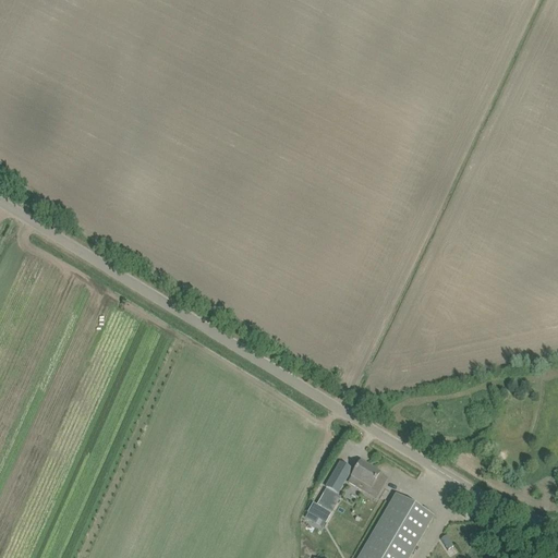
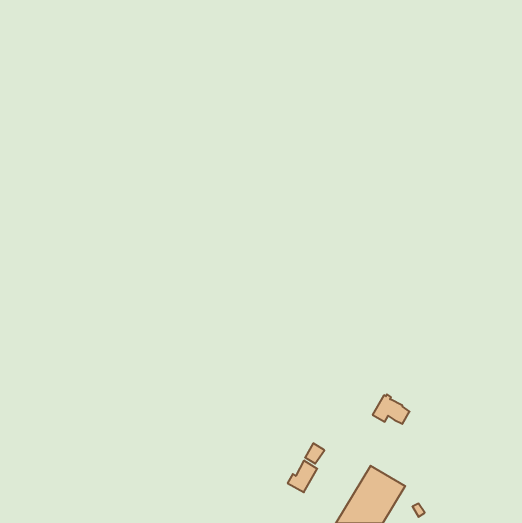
building: [347,461,386,493] -> [373,394,410,424]

